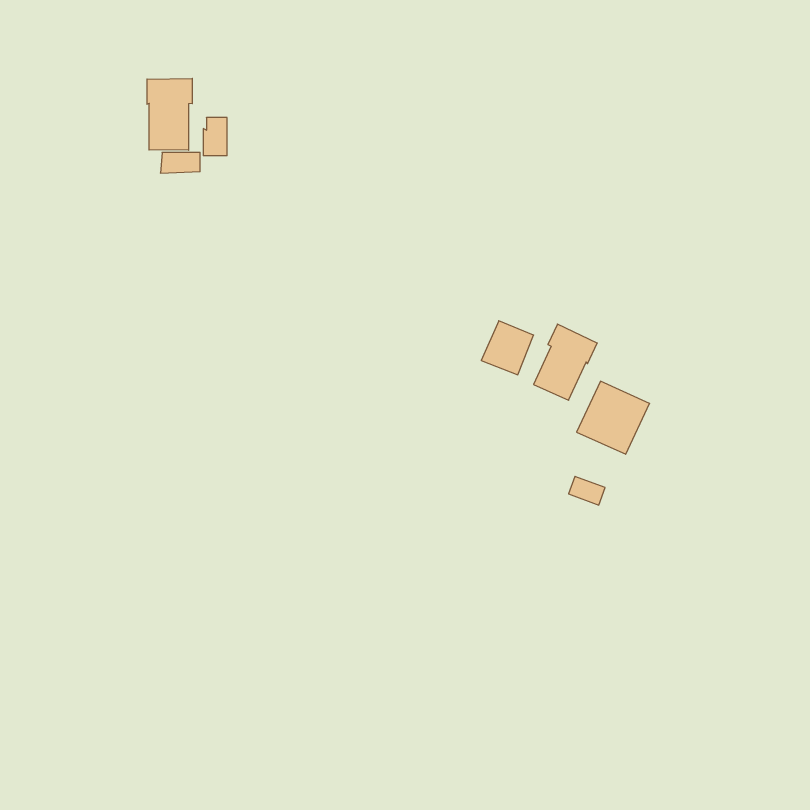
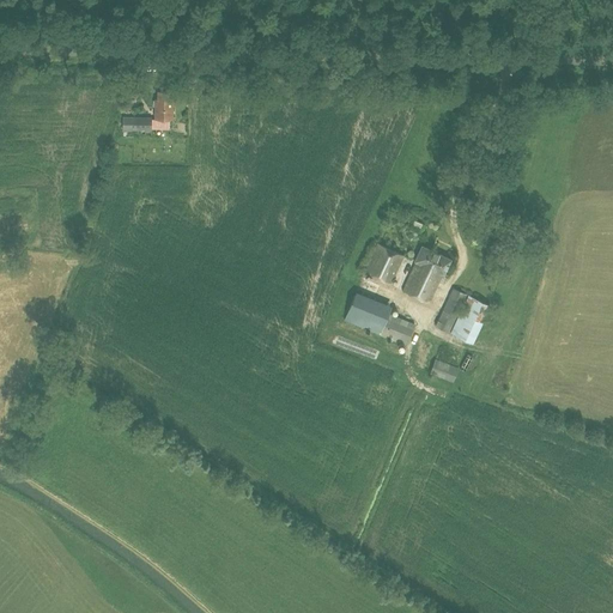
building: [147,78,192,150] -> none
building: none -> [344,295,414,345]

